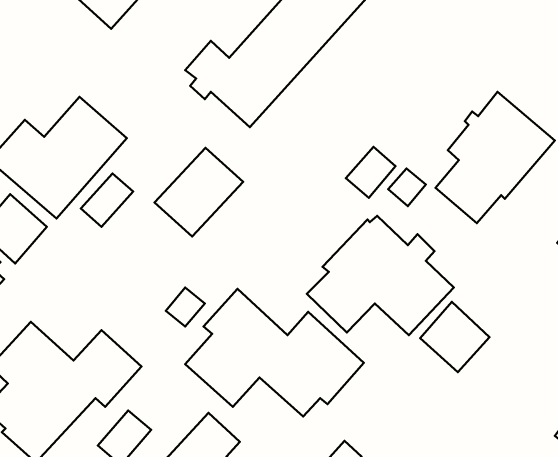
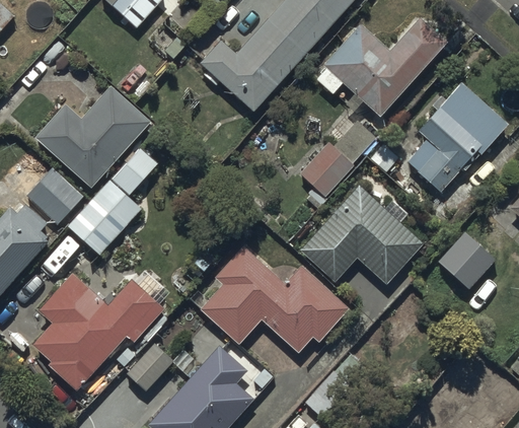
building: none -> [317,16,447,116]
building: [154,148,243,237] -> [68,181,142,255]
building: none -> [300,148,355,209]
building: [420,302,489,372] -> [439,230,497,289]

